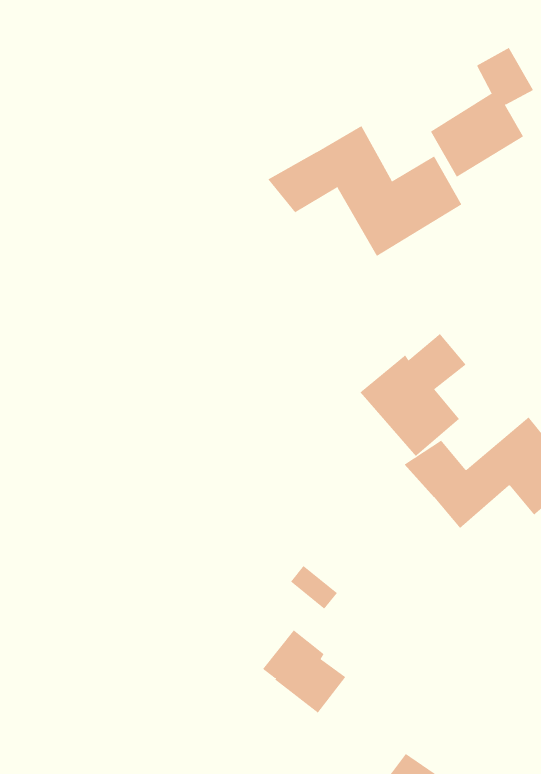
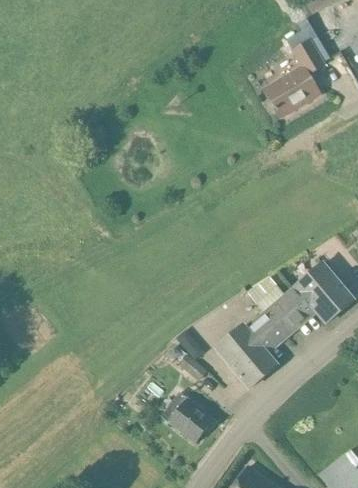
building: [267,125,462,257] -> none
building: [359,333,466,457] -> [216,312,281,387]

